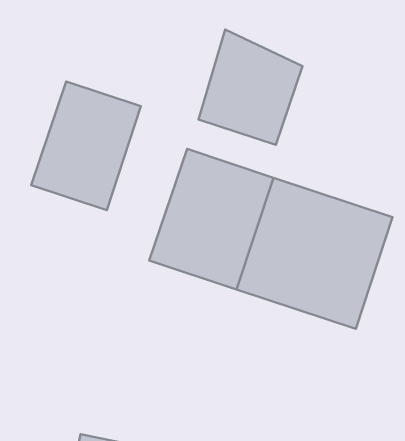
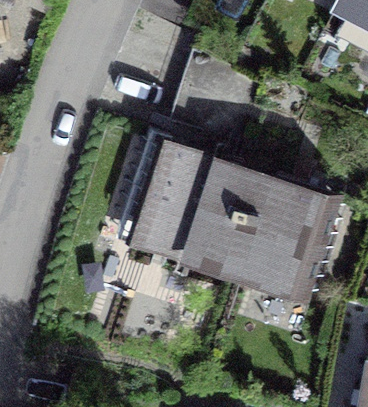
building: [31,82,141,210] -> none

